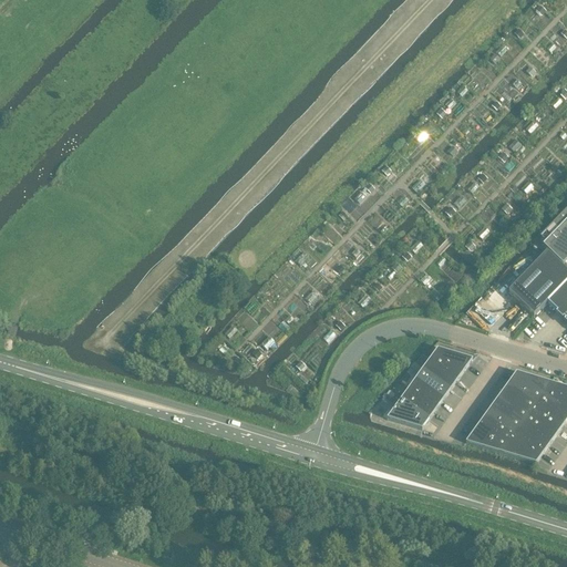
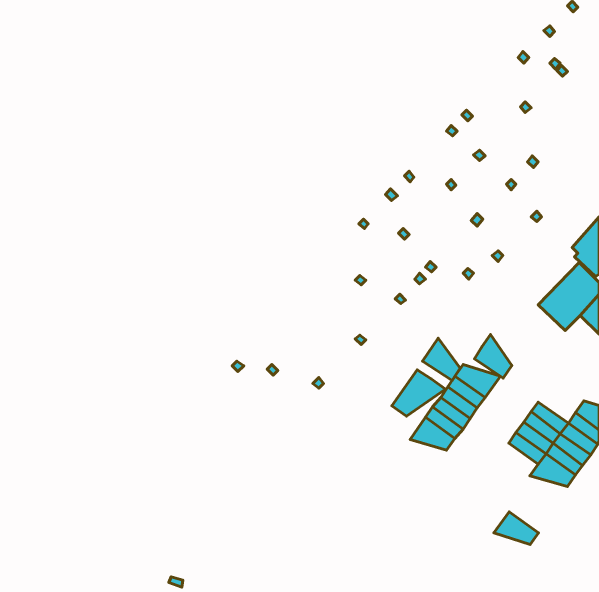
building: none -> [474,334,512,378]
building: none -> [423,338,460,380]
building: none -> [392,370,446,416]
building: [508,369,551,400] -> none
building: [466,419,508,450] -> [494,512,539,545]

